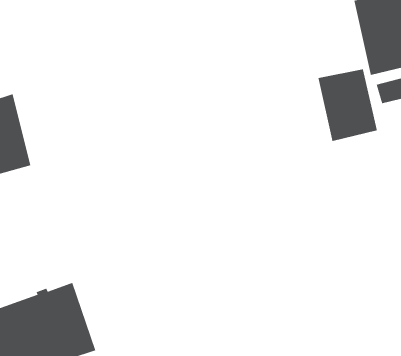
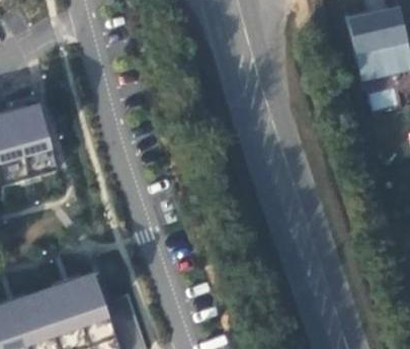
building: [318,68,378,142] -> none

